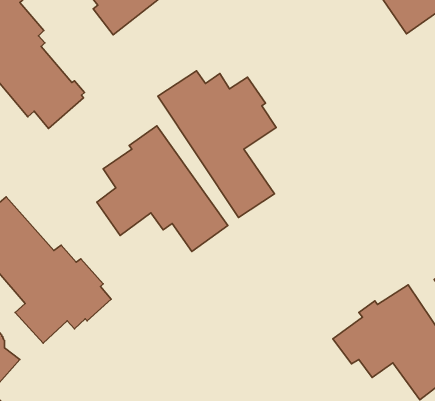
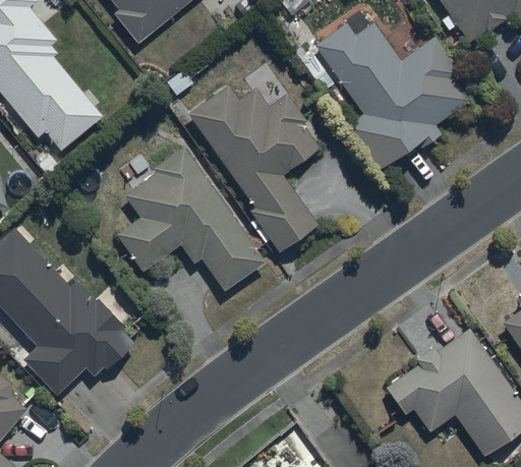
building: none -> [312,21,471,169]

